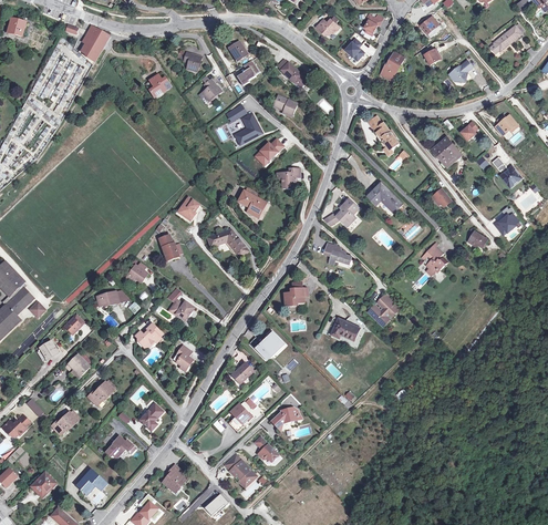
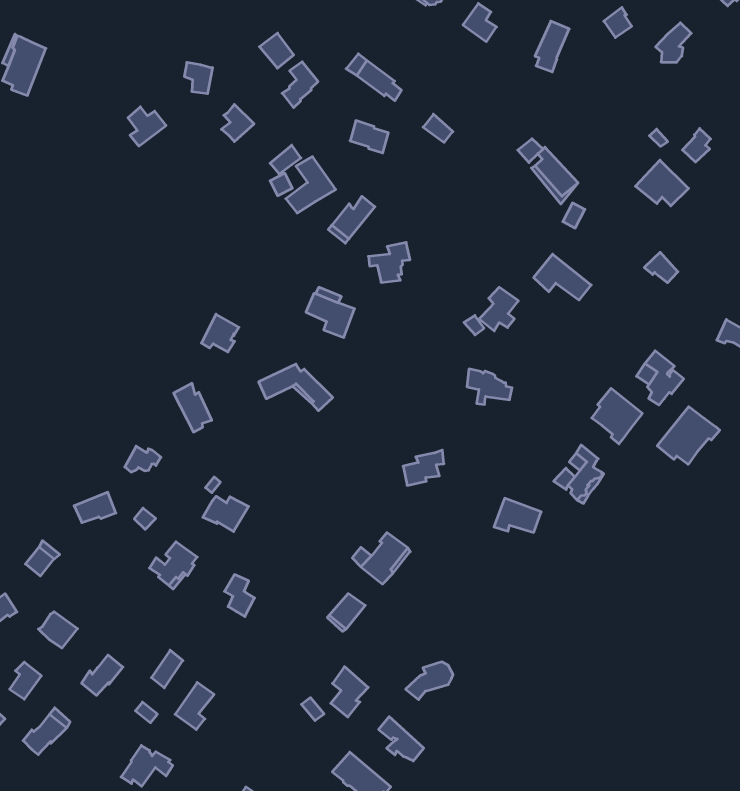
building: none -> [592,388,642,444]
building: none -> [657,407,720,464]

